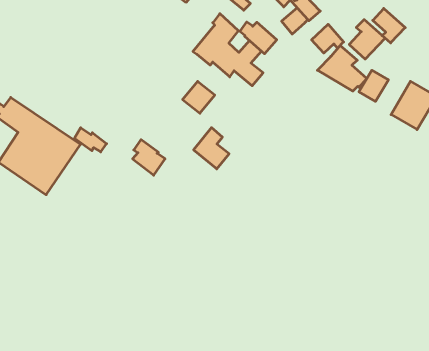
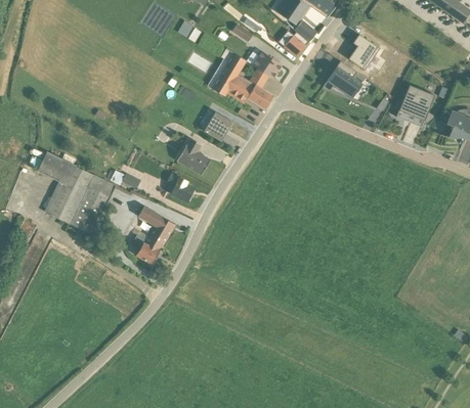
building: [373,8,405,43] -> none
building: [312,24,344,53] -> none
building: [359,70,388,101] -> none
building: [194,128,229,169] -> [177,137,210,174]
building: none -> [132,205,175,265]

